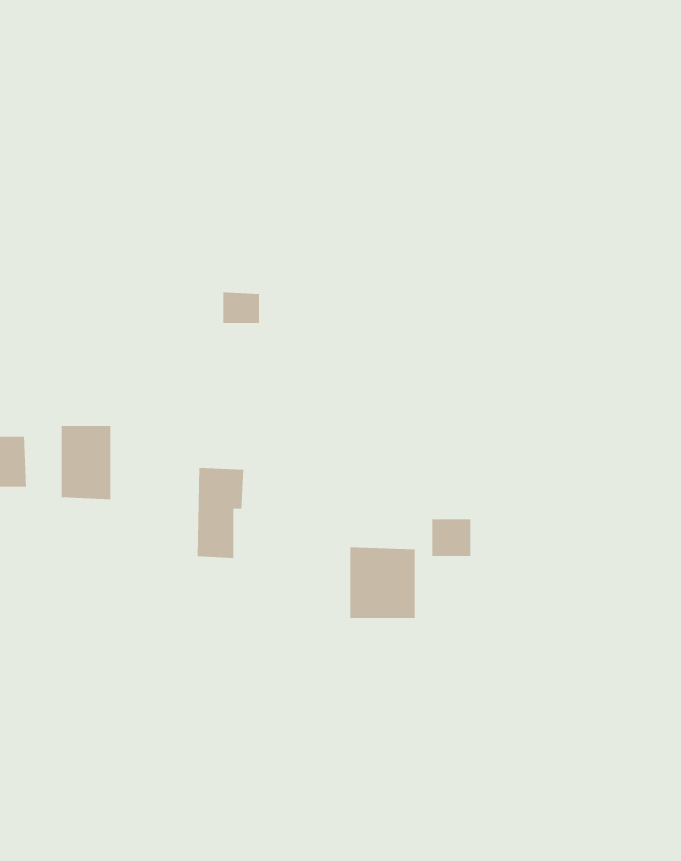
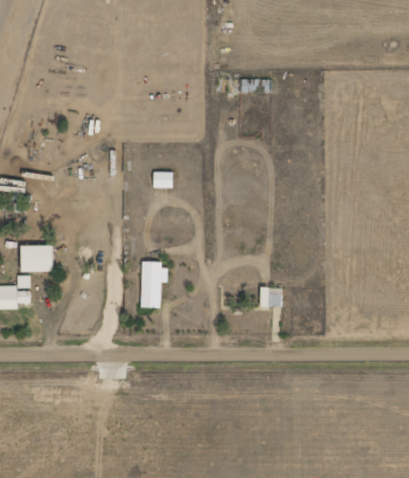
building: [61,425,111,500] -> none
building: [350,547,415,619] -> none

